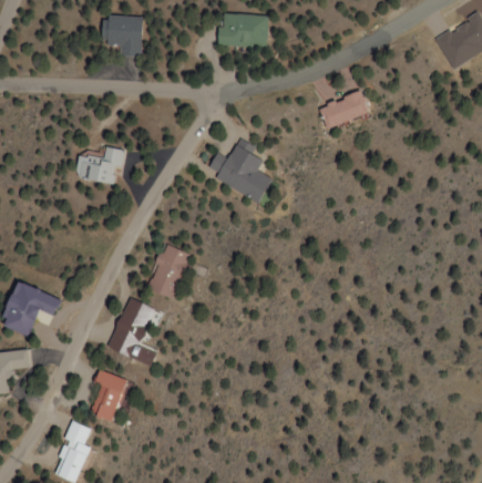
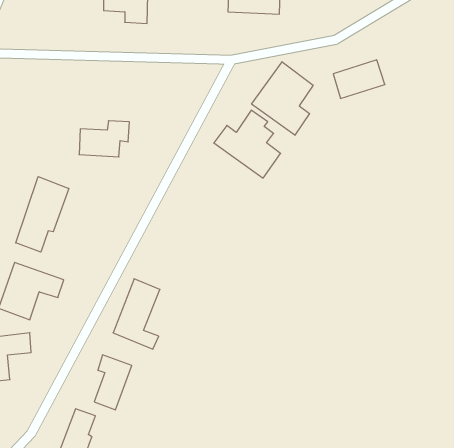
building: none -> [252,62,313,135]
building: none -> [16,177,69,252]
building: [148,245,191,299] -> none

